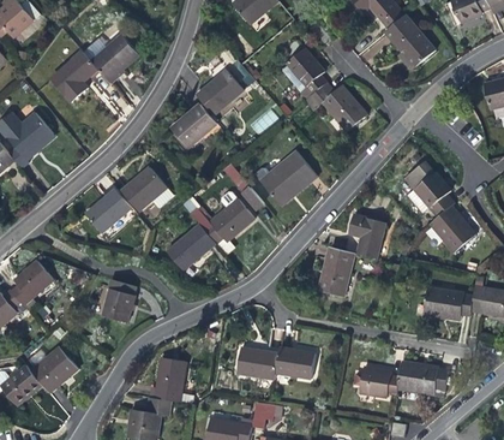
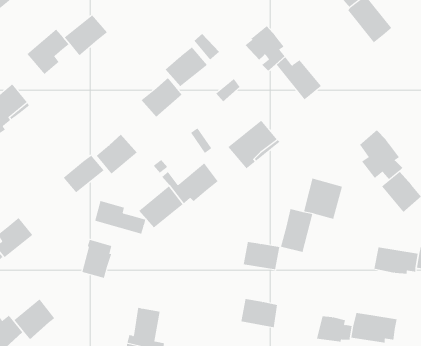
building: none -> [94,200,146,235]
building: [241,347,282,379] -> [243,241,280,270]

